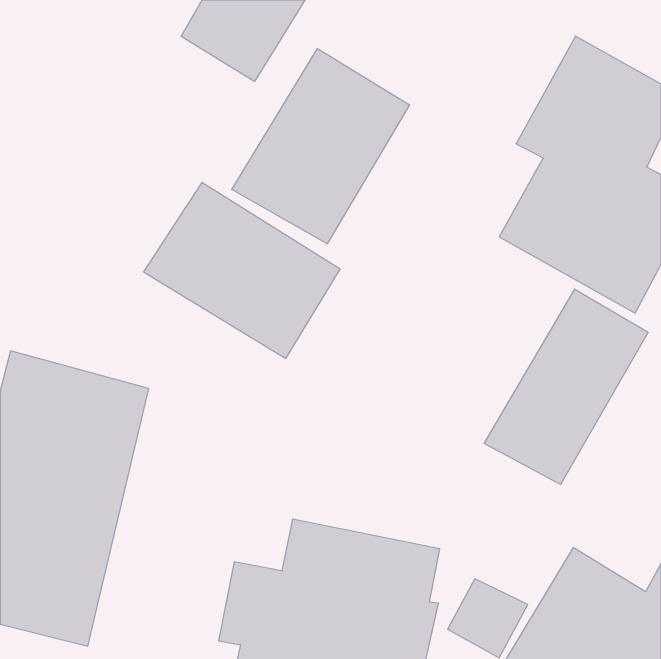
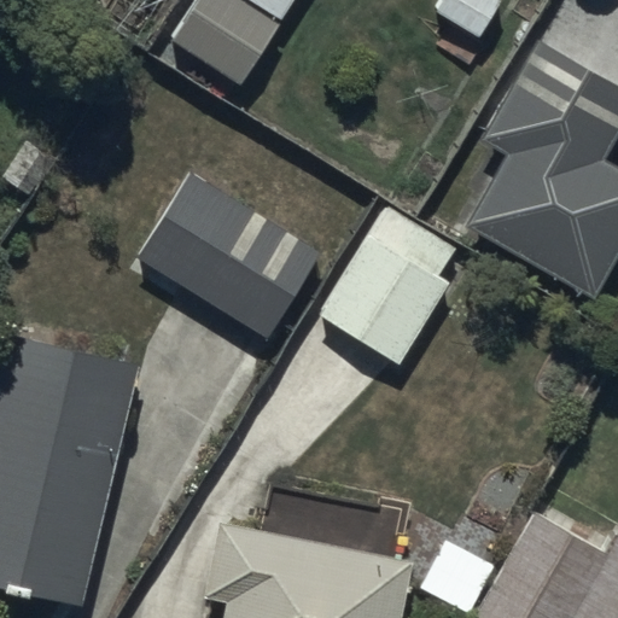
building: [232,49,409,244] -> none
building: none -> [319,209,455,366]
building: [484,289,648,484] -> none

